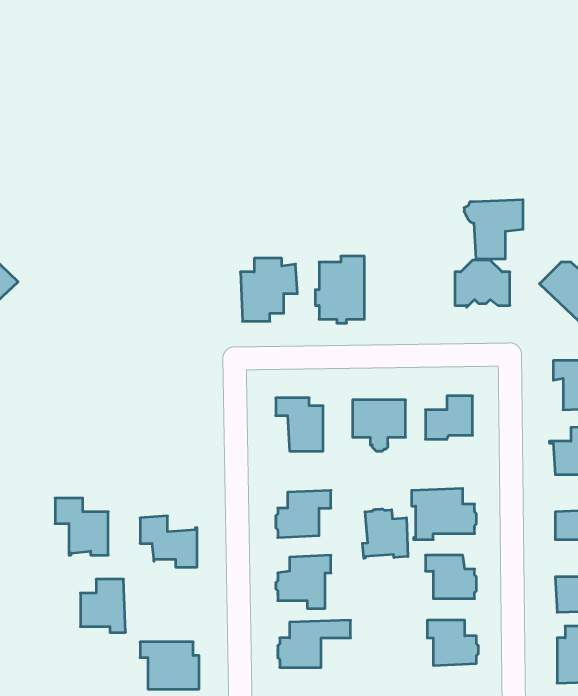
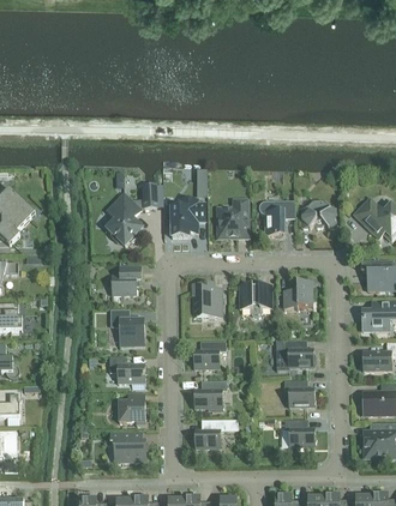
building: [464,200,523,259] -> [258,200,294,236]
building: none -> [104,185,158,247]
building: none -> [110,266,140,300]
building: [55,498,108,555] -> [110,311,143,345]
building: [362,509,408,558] -> none
building: [80,579,126,632] -> [118,393,145,426]

